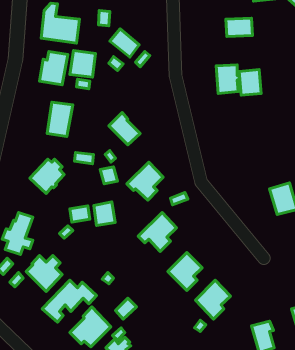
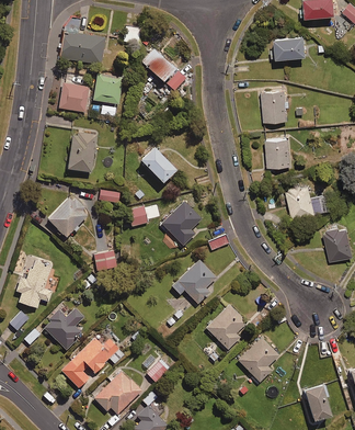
building: [239,70,261,95] -> [265,137,290,167]
building: none -> [285,184,327,218]
building: [94,202,115,225] -> none

